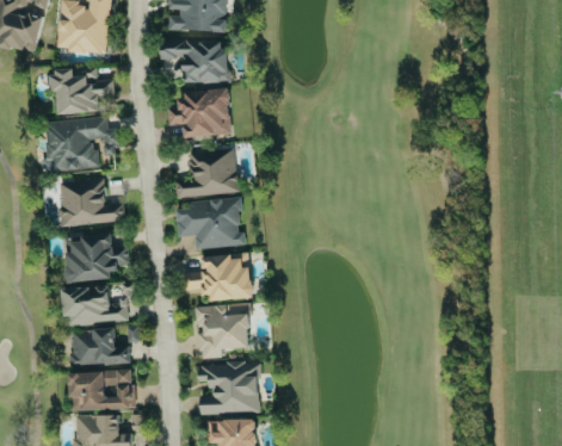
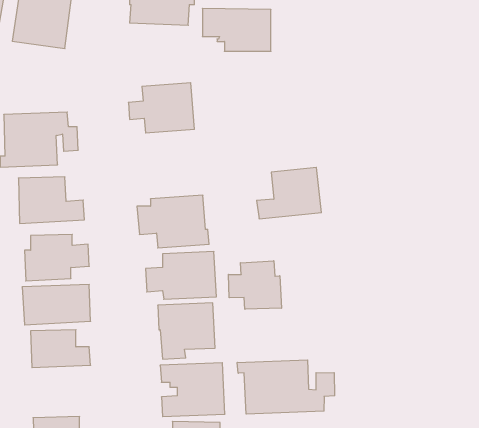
building: [161,42,228,83] -> [202,8,271,51]
building: [48,69,115,116] -> none
building: [175,149,239,199] -> [257,167,321,219]
building: none -> [228,261,281,309]
building: none -> [237,360,335,414]
building: [69,371,135,411] -> none

